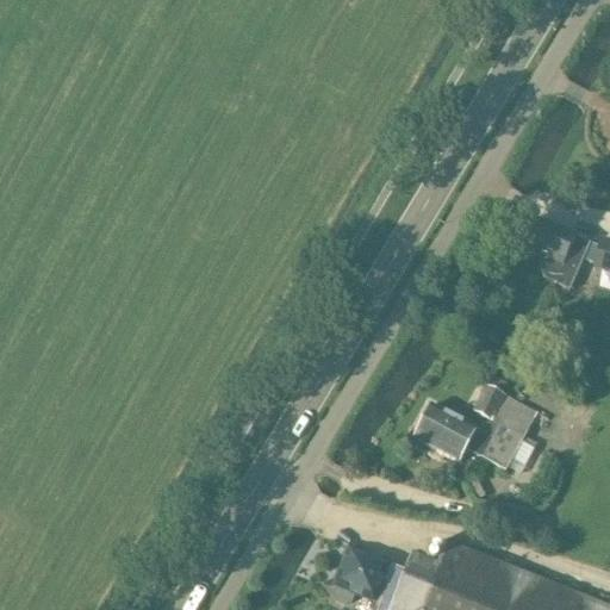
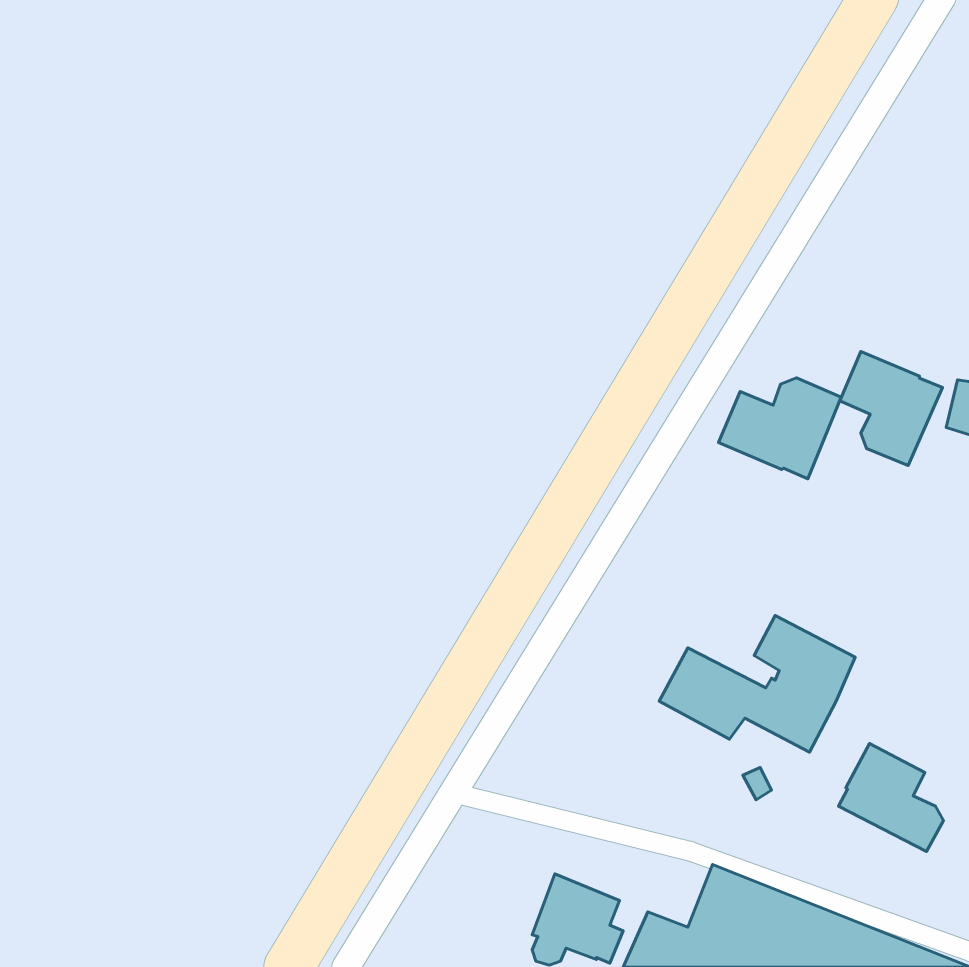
building: none -> [718,378,841,479]
building: none -> [838,744,944,851]

